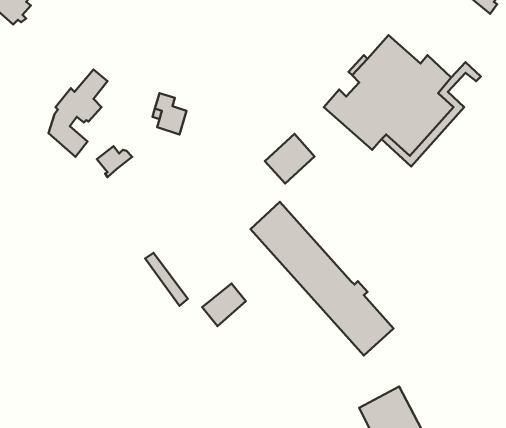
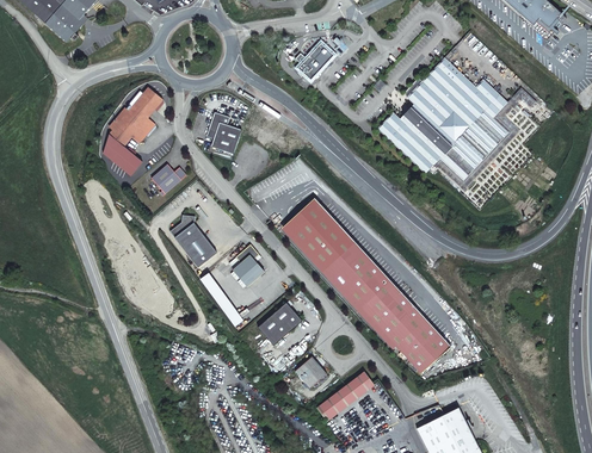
building: none -> [297,38,337,79]
building: [265,134,315,184] -> [285,199,335,249]
building: none -> [169,215,216,268]
building: none -> [232,246,264,286]
building: none -> [294,359,325,391]
building: none -> [315,373,372,423]

